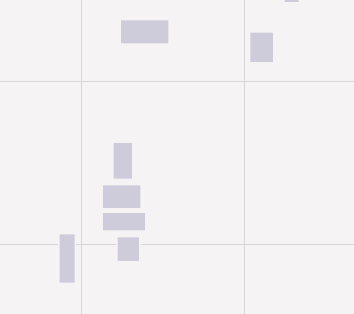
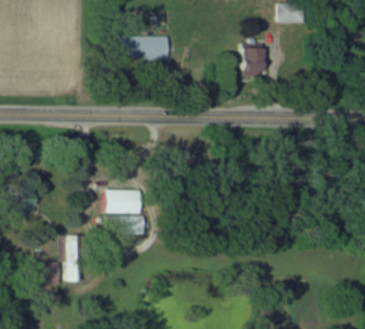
building: [113,142,133,180] -> none
building: [117,237,140,262] -> none

